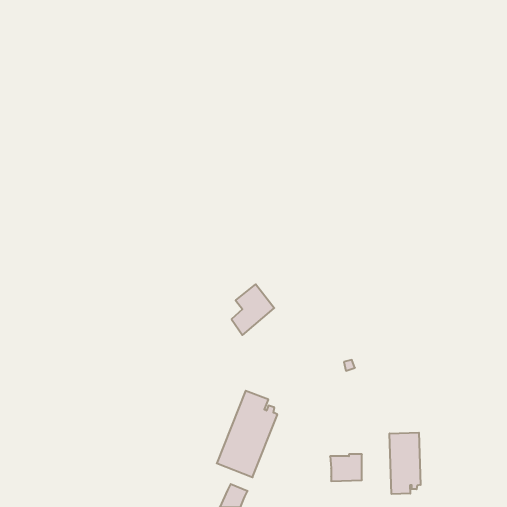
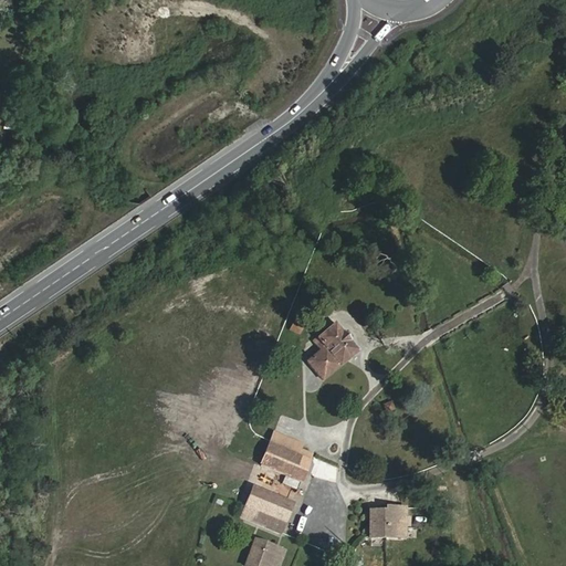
building: [232,284,274,335] -> [311,322,358,378]
building: [390,433,421,494] -> none

